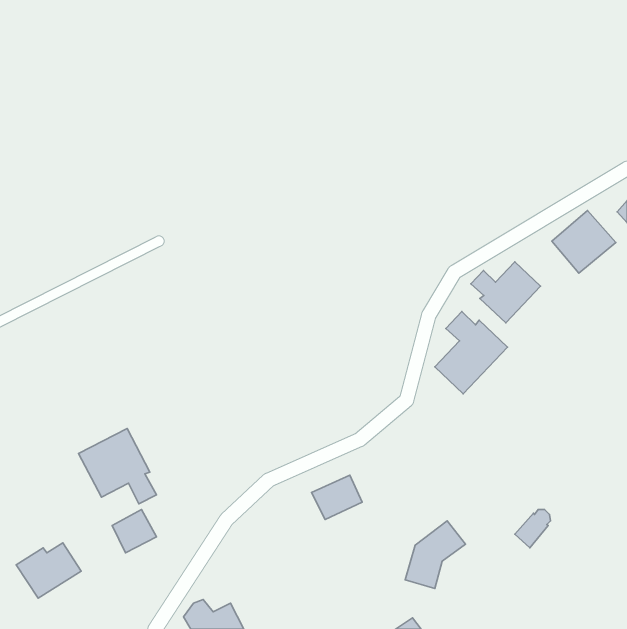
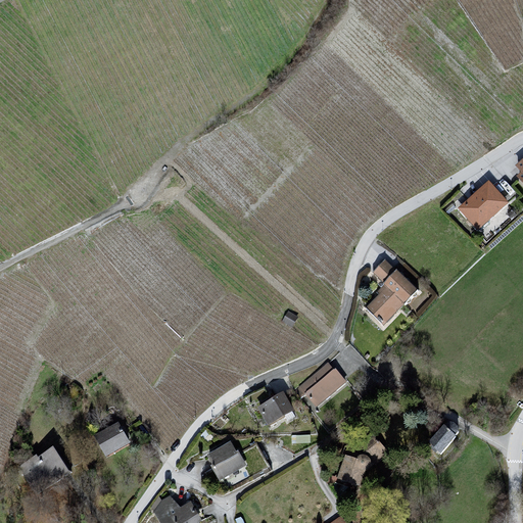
building: [471,262,541,323] -> none
building: [79,428,157,504] -> none
building: none -> [297,358,347,408]
building: none -> [205,442,245,481]

